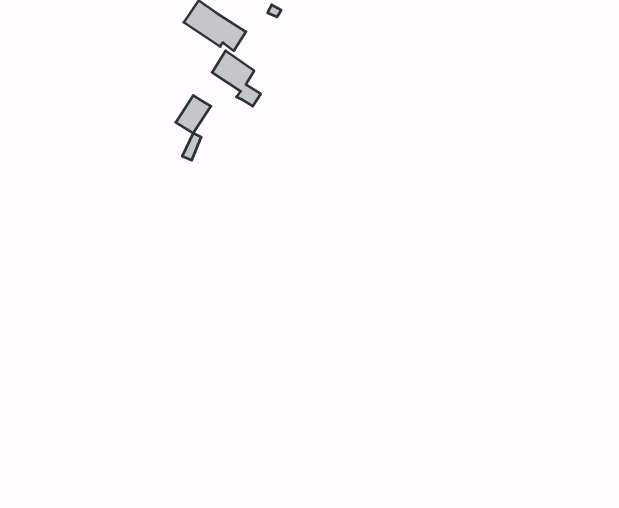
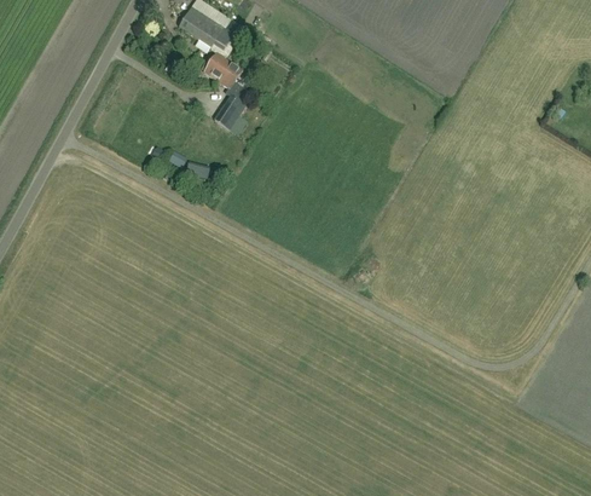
building: [176,95,211,133] -> [215,94,247,128]

